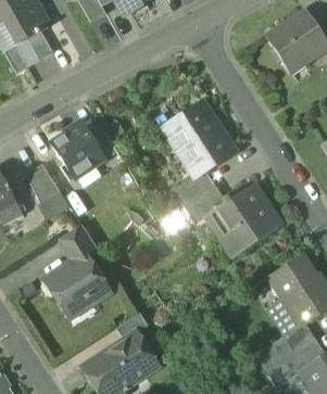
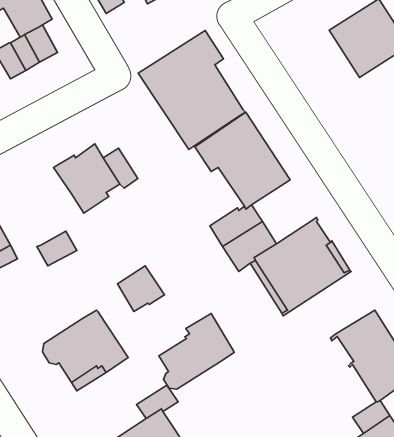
building: none -> [138,30,245,150]
building: [24,164,60,203] -> none
building: [60,225,97,260] -> [117,266,164,312]
building: none -> [159,313,234,389]

